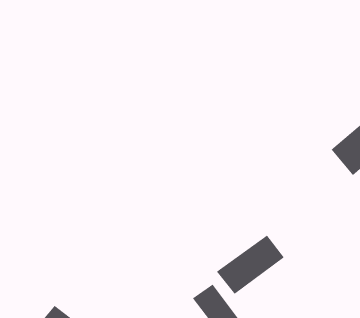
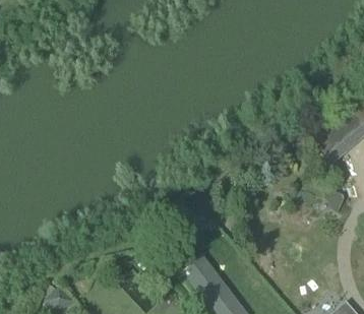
building: [216,234,285,295] -> none

